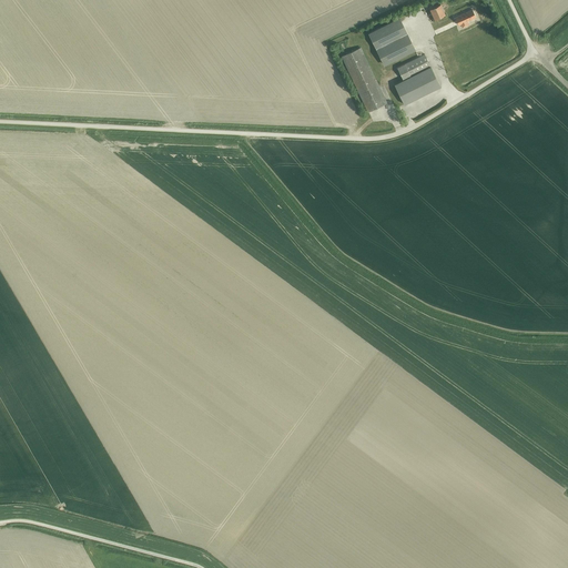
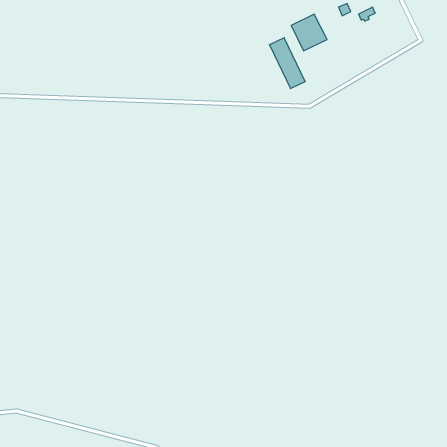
building: [395,54,440,104] -> none

